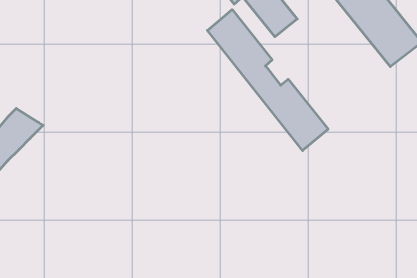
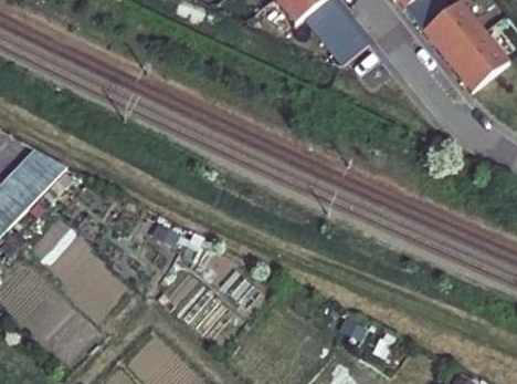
building: [207,10,328,151] -> none

